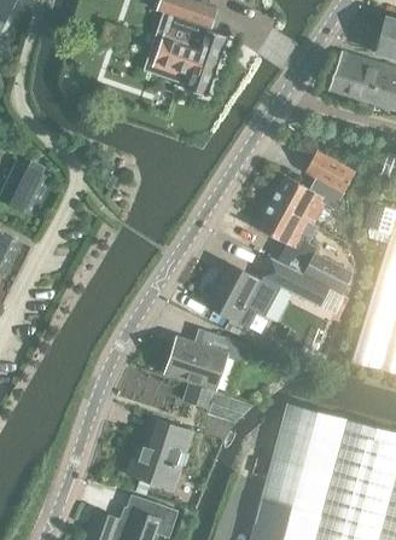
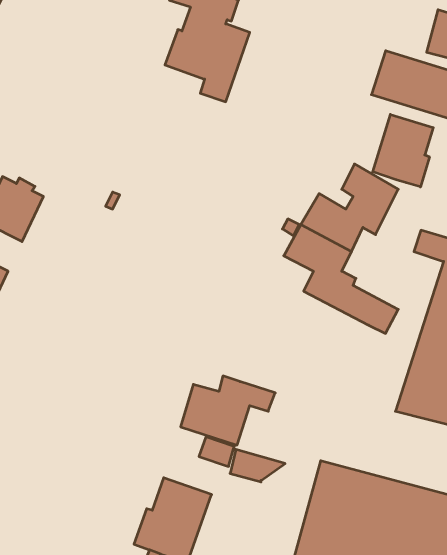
building: none -> [373,114,433,187]
building: [204,259,327,327] -> none

